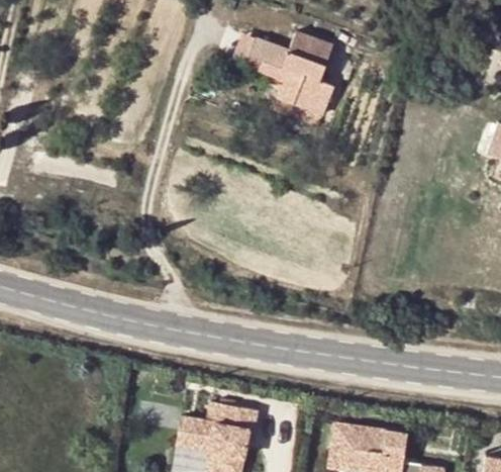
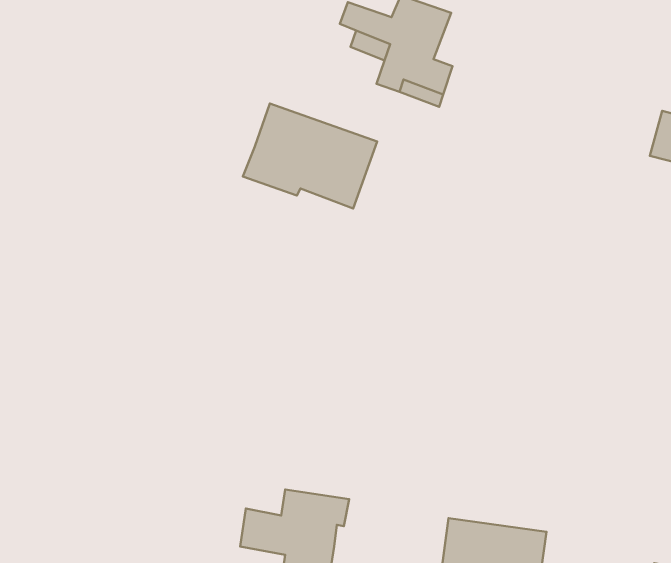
building: none -> [243,104,377,209]

